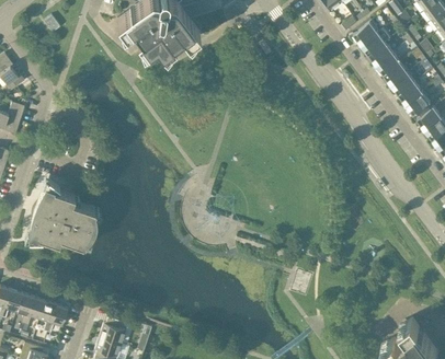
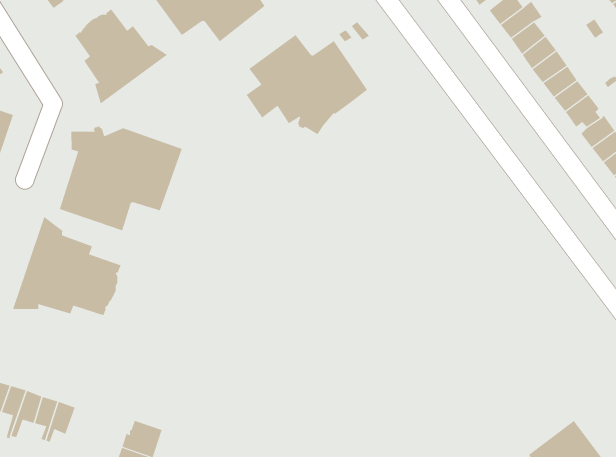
building: none -> [75,8,168,104]
building: none -> [246,34,368,135]
building: none -> [59,126,183,231]

